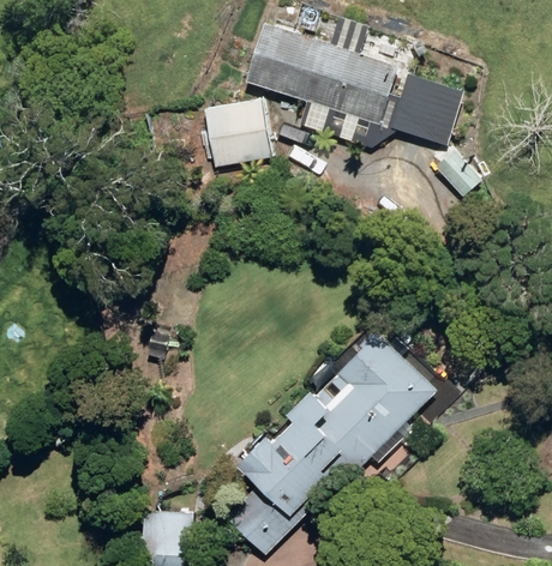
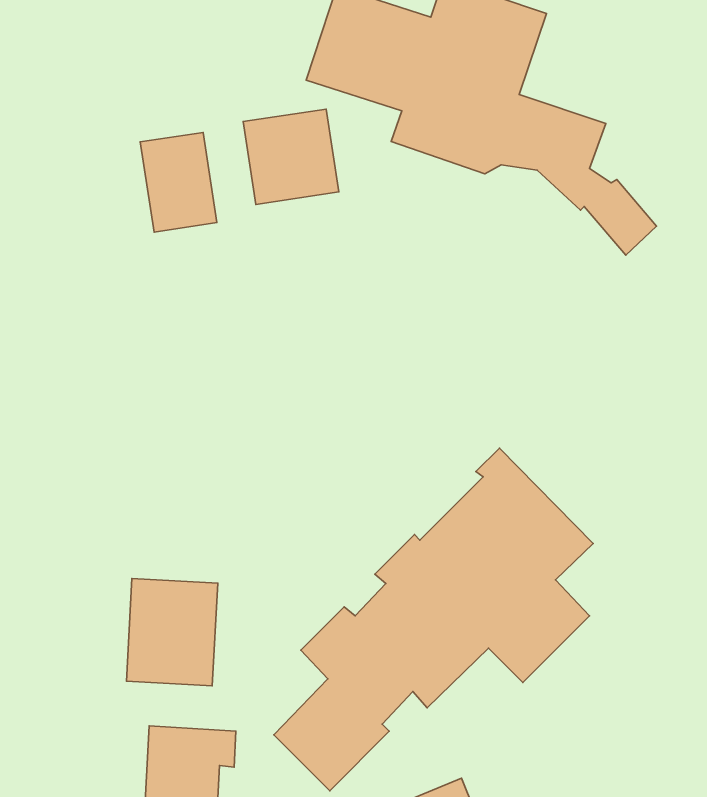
building: none -> [140,132,217,232]
building: none -> [126,579,218,686]

